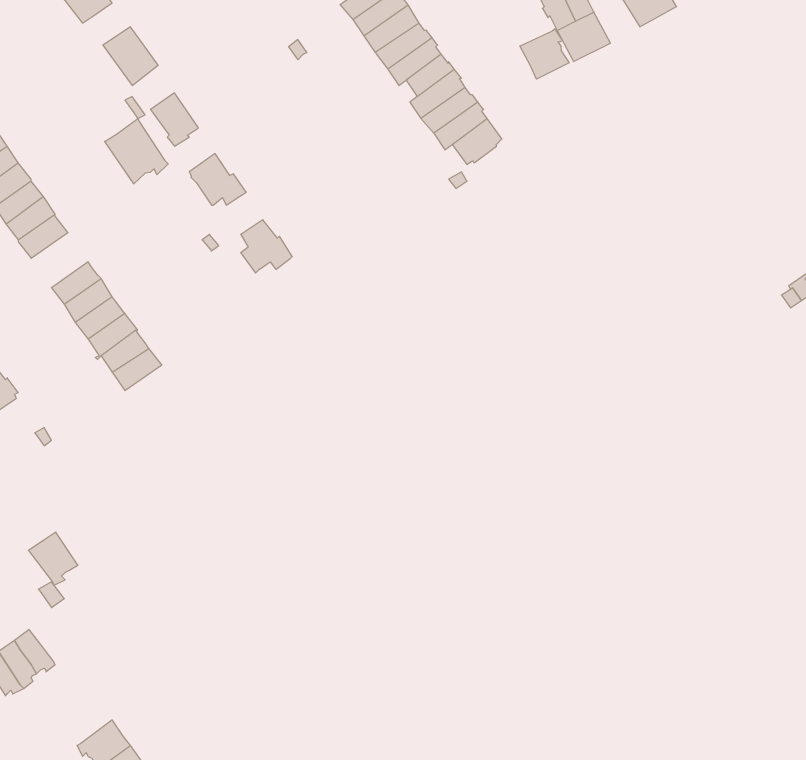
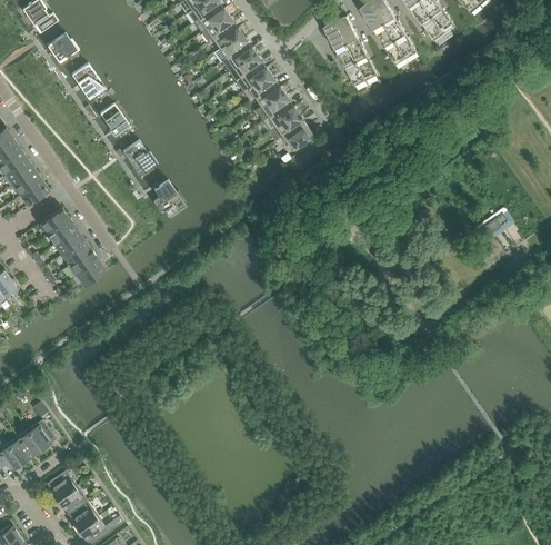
building: [520,29,569,79] -> none
building: [105,119,168,184] -> none
building: [28,532,78,585] -> [27,418,57,450]
building: none -> [47,468,77,499]

